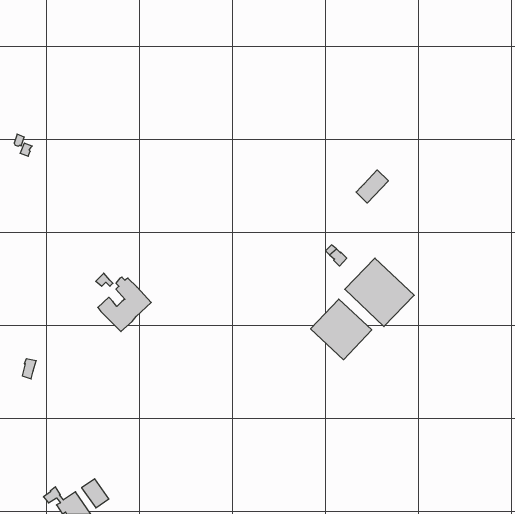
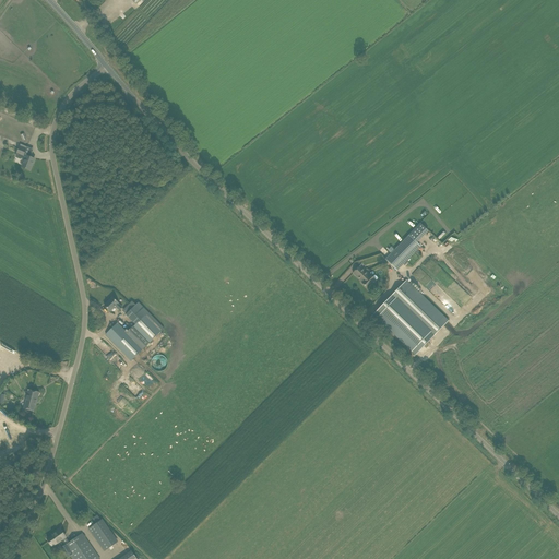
building: [356,170,388,203] -> [385,234,420,270]
building: [311,299,372,360] -> none

